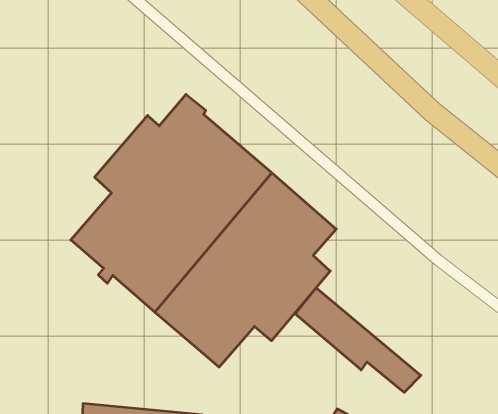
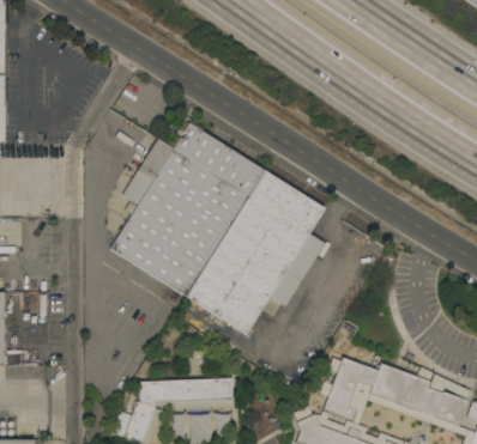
building: [295,288,421,392] -> none

